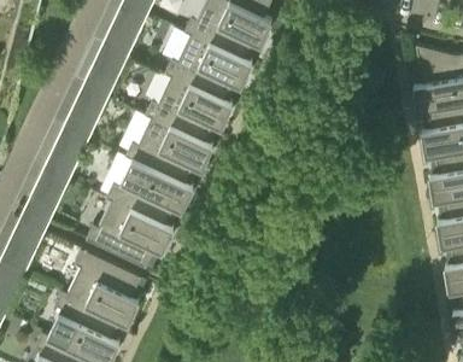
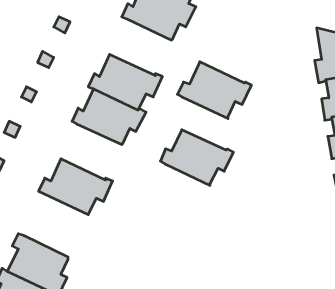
building: [164,36,252,104] -> [177,62,251,119]
building: [106,162,193,228] -> [160,130,233,185]
building: [69,251,141,326] -> none

